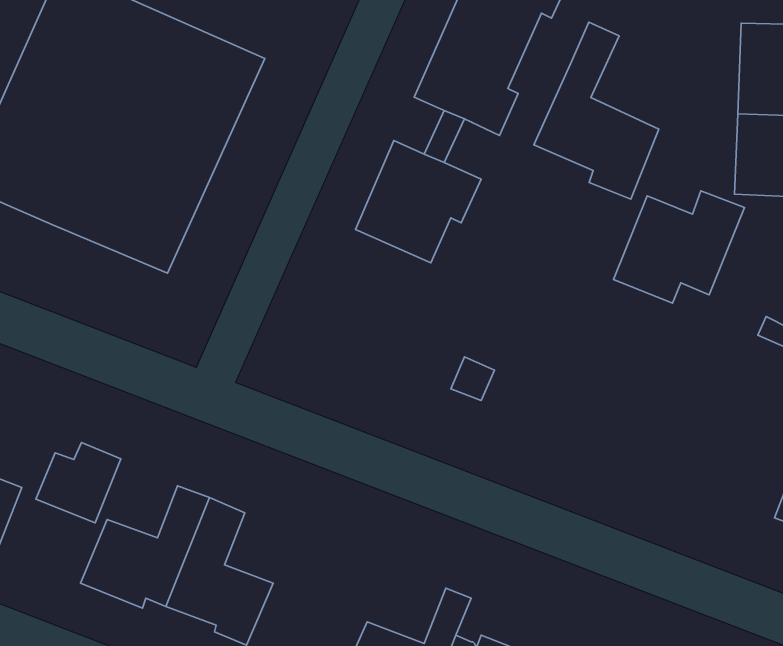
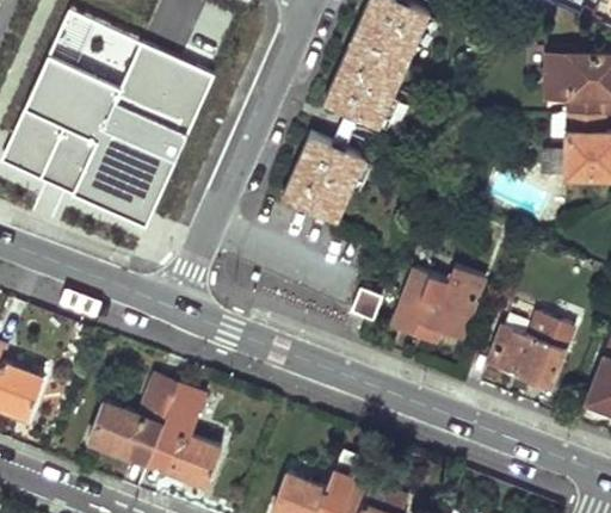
building: [534,22,659,199] -> none
building: [614,191,744,303] -> [387,264,480,344]
building: none -> [482,311,567,387]
building: [36,443,121,523] -> none

